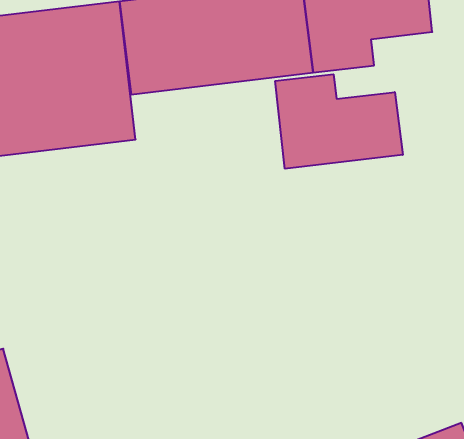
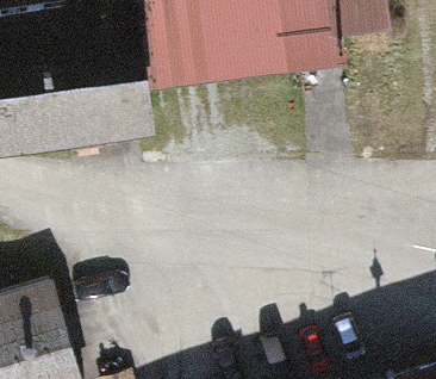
building: [275,74,403,169] -> none

